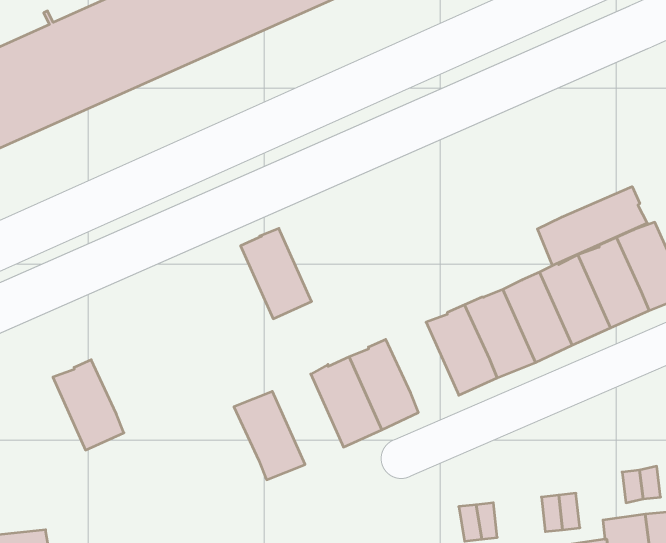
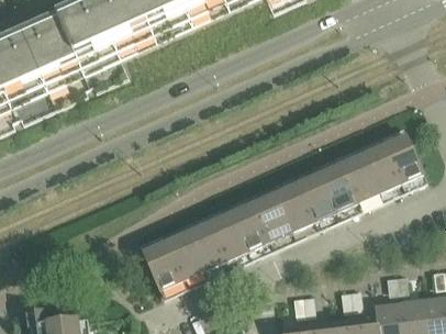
building: [537,187,647,265] -> none
building: [241,228,312,319] -> [187,220,227,271]
building: none -> [252,190,293,242]
building: [53,360,124,450] -> [143,238,183,290]

